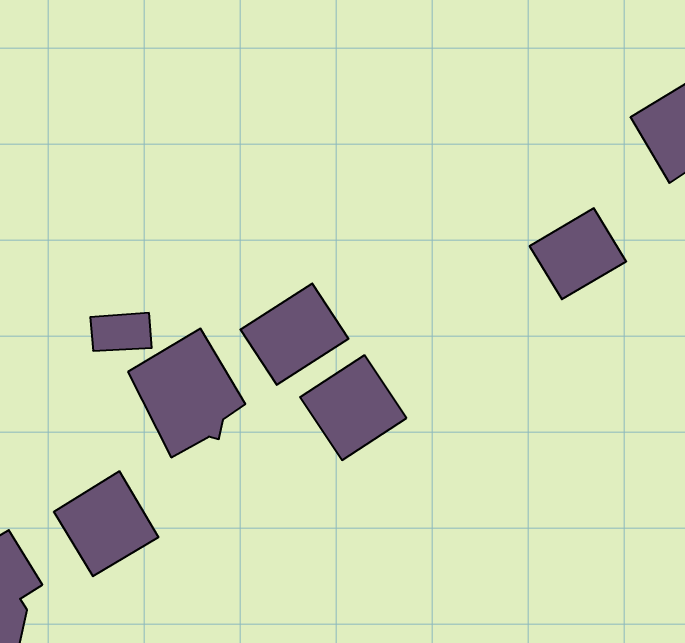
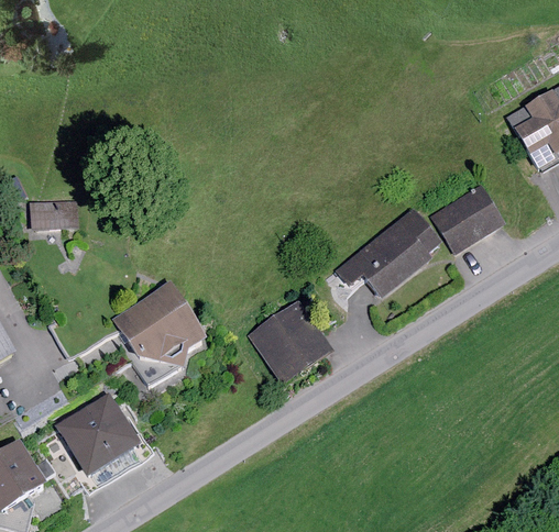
building: none -> [337,206,441,298]
building: [240,283,348,385] -> none
building: [90,313,152,351] -> [31,199,79,229]

